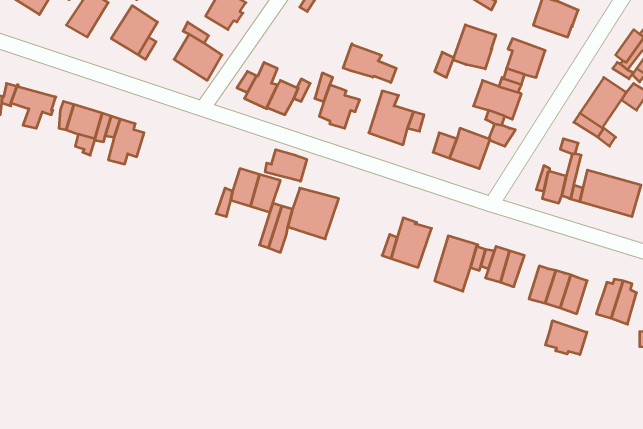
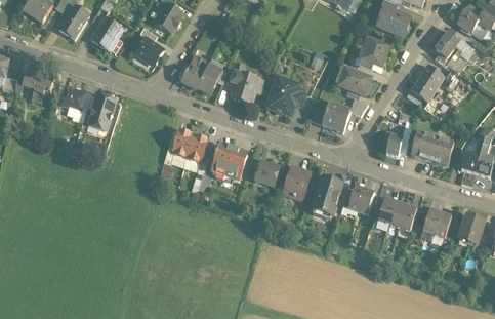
building: [454,25,496,69] -> none
building: [343,44,396,83] -> none
building: [265,150,307,181] -> none
building: none -> [254,157,279,181]
building: [545,321,587,355] -> none

